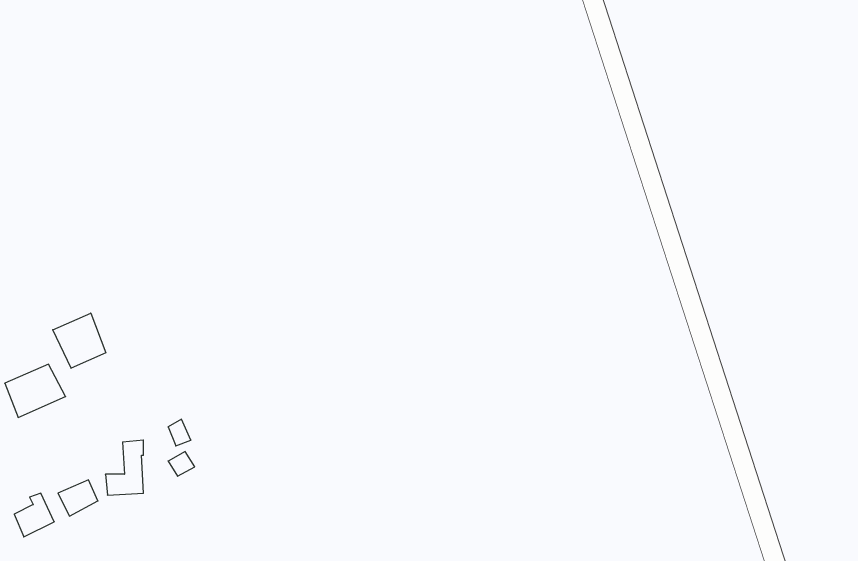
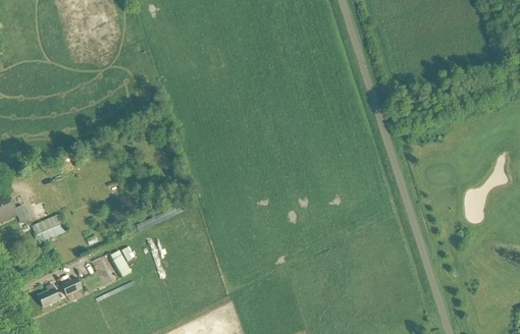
building: [53,313,106,368] -> none

